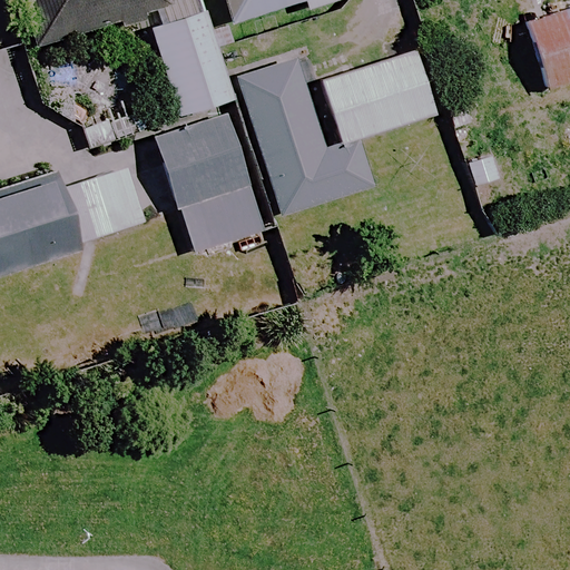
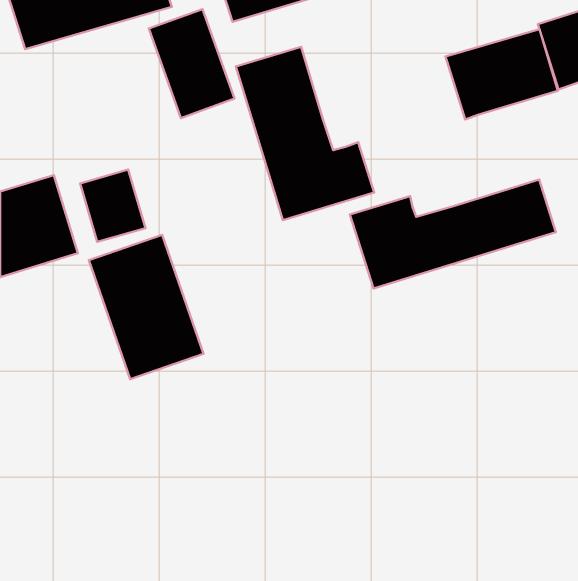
building: [324,55,433,142] -> [446,29,558,120]
building: [155,112,266,253] -> [89,235,203,379]
building: none -> [350,179,556,289]

